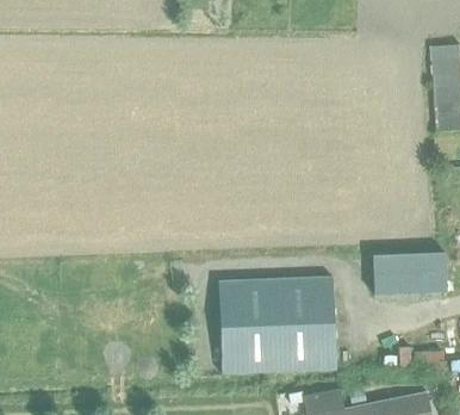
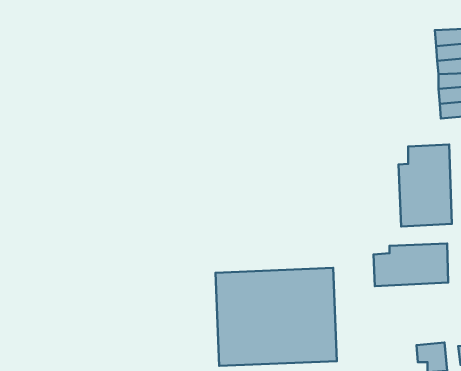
building: none -> [399,145,452,226]

